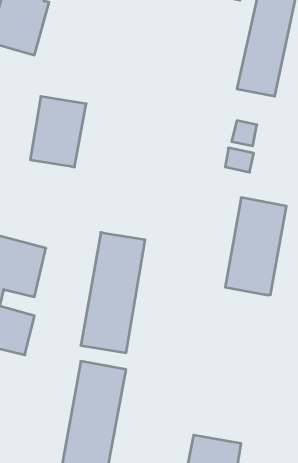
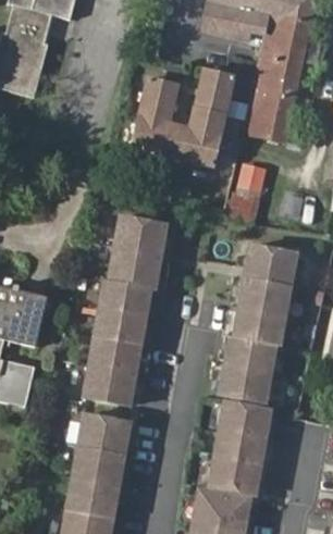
building: none -> [132,72,234,167]
building: [30,96,86,167] -> [109,216,166,289]
building: none -> [220,336,275,401]
building: none -> [209,400,271,494]

